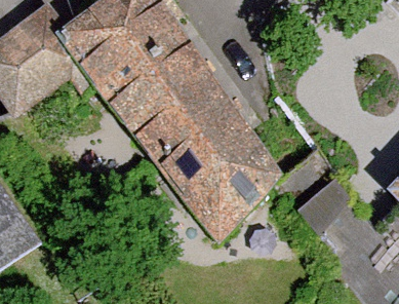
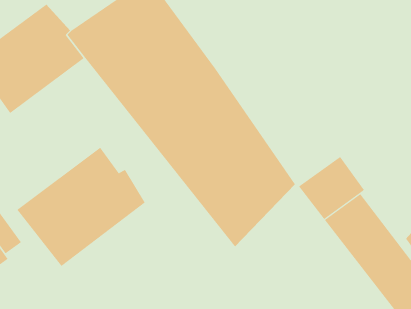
building: none -> [16,147,145,267]

